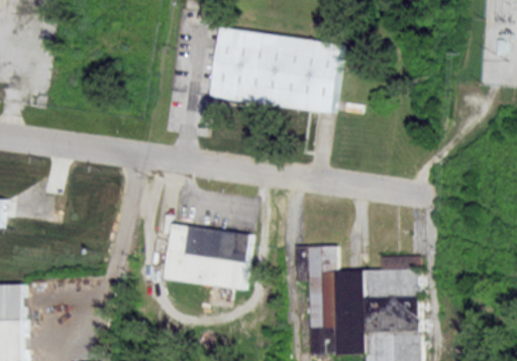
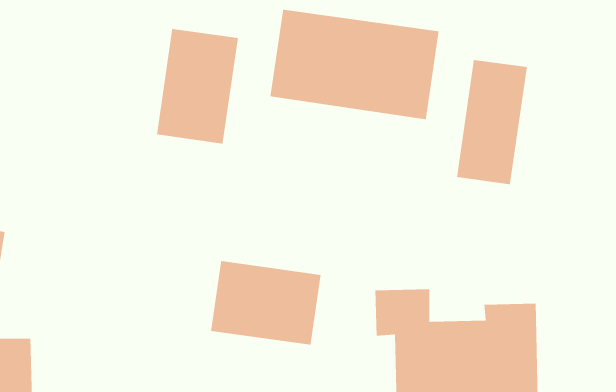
building: none -> [156,28,239,144]
building: none -> [456,59,528,185]

